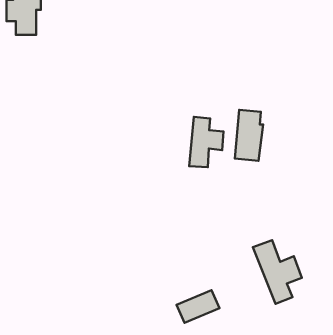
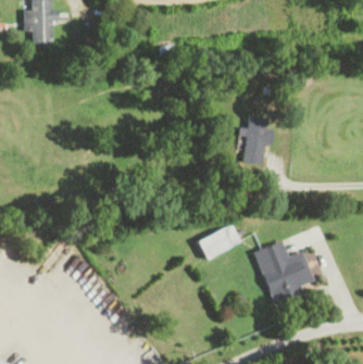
building: [189,117,223,167] -> none
building: [176,290,220,323] -> [198,225,239,256]

